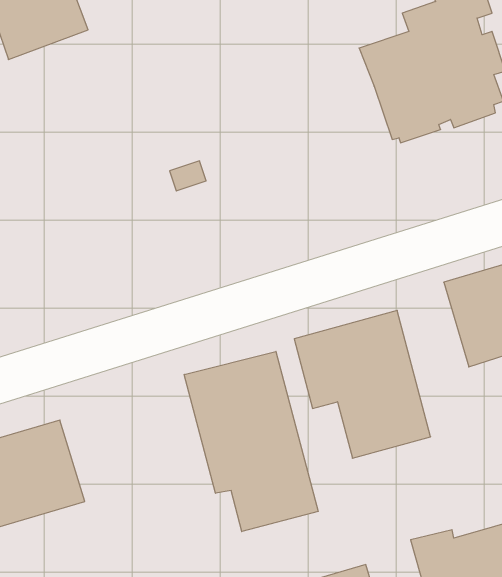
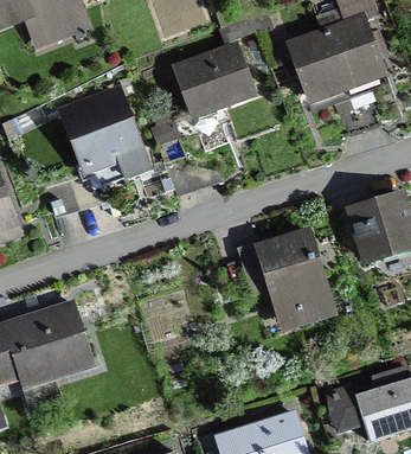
building: none -> [172,40,259,122]
building: none -> [58,85,154,183]
building: [184,351,318,532] -> none

